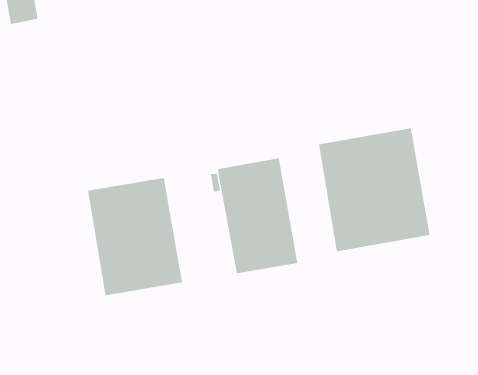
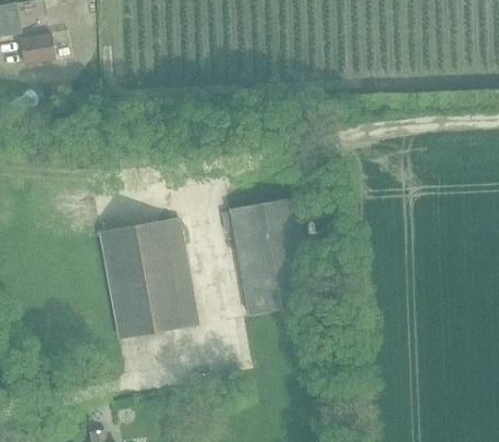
building: [319,128,430,252] -> none

